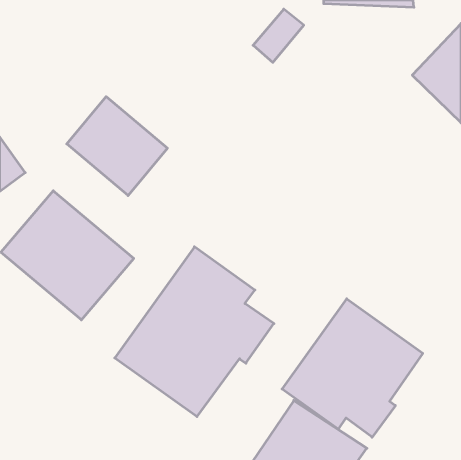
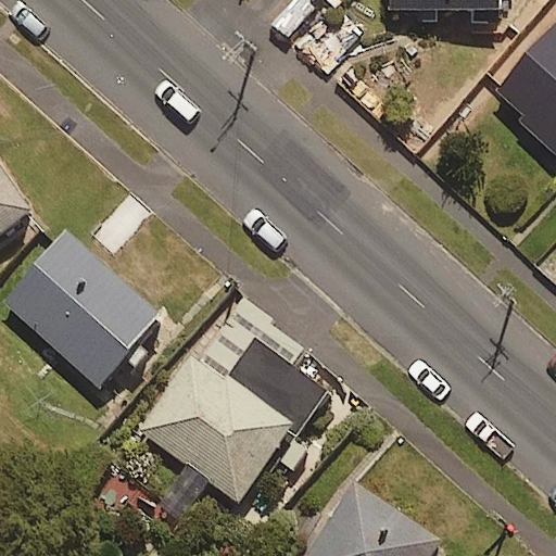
building: [67,97,167,196] -> none
building: [282,299,423,437] -> none

